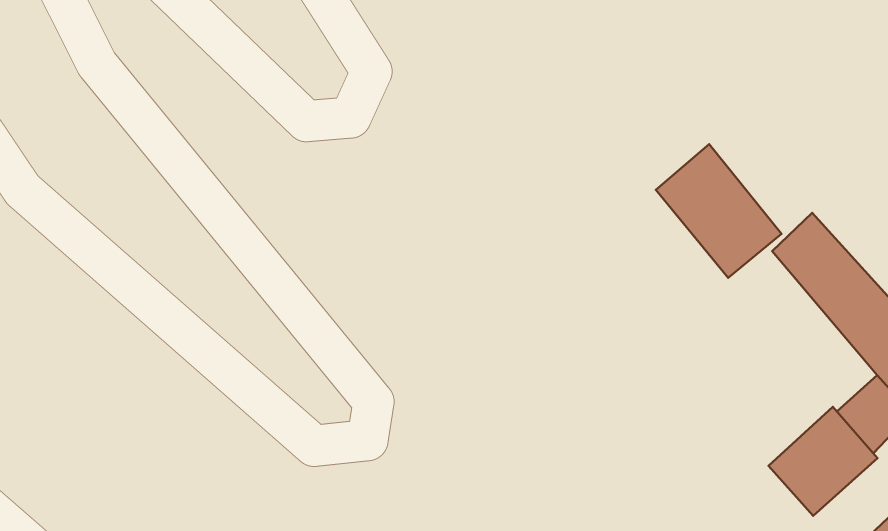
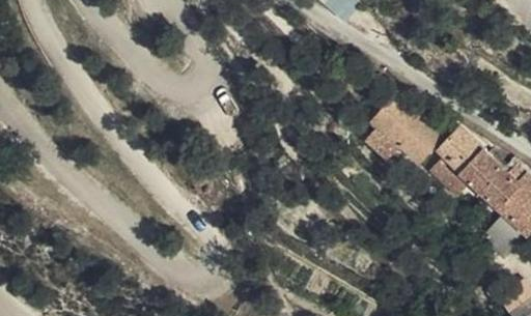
building: [768,407,877,516] -> none

